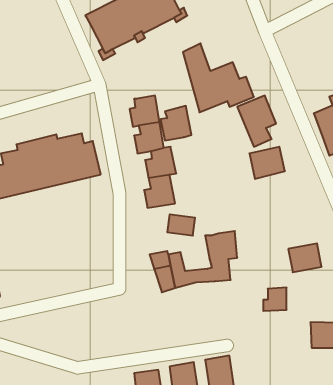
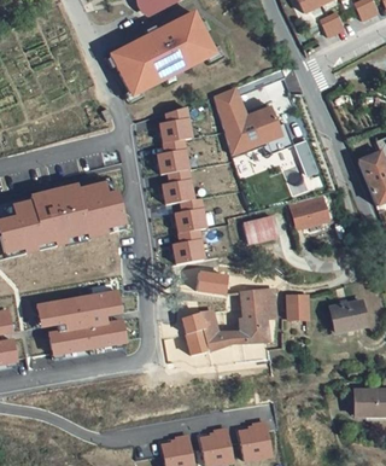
building: [160,106,191,140] -> [159,107,193,145]
building: none -> [241,219,276,245]
building: none -> [41,292,127,353]
building: [263,288,287,311] -> [281,296,306,321]

